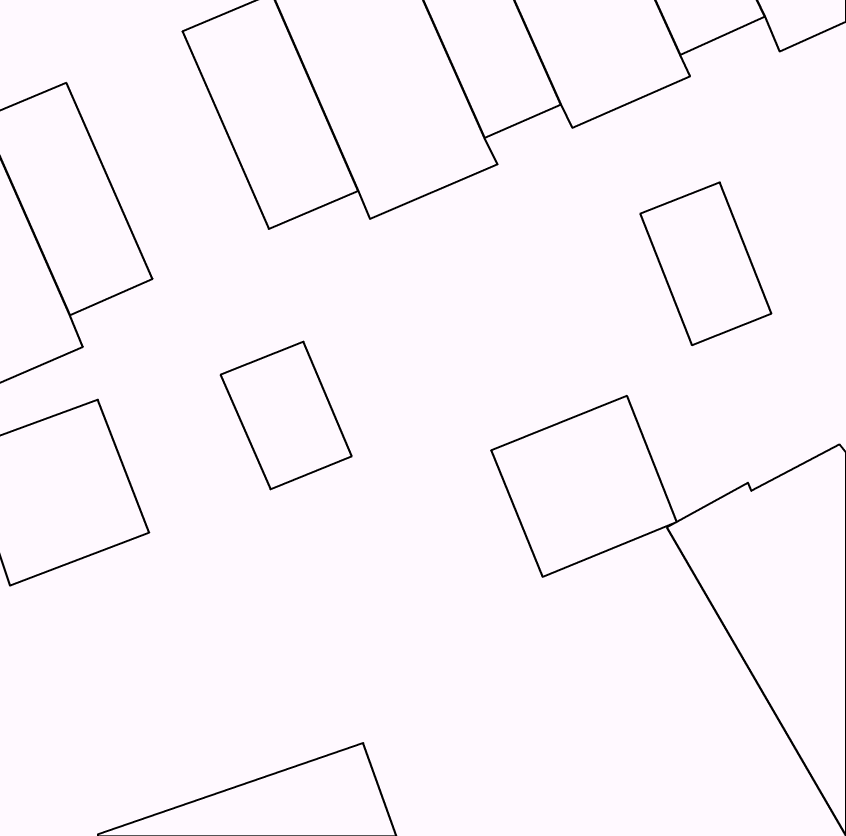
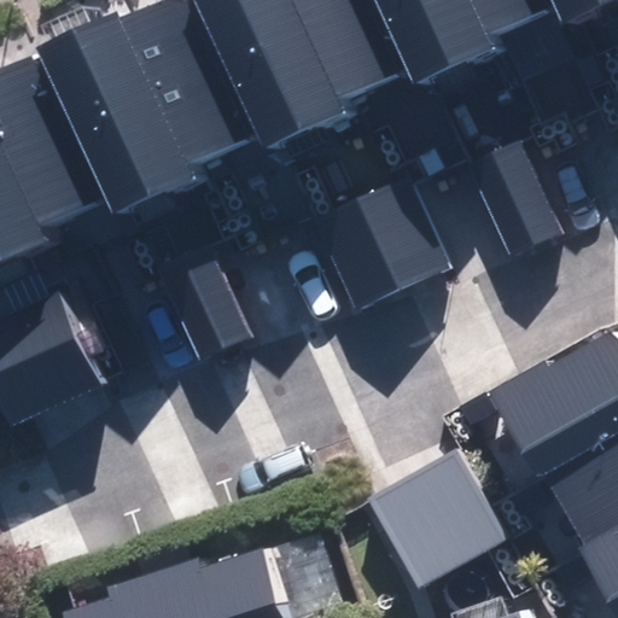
building: none -> [48,23,204,223]
building: [491,396,677,577] -> [315,175,450,307]
building: none -> [367,447,515,596]

